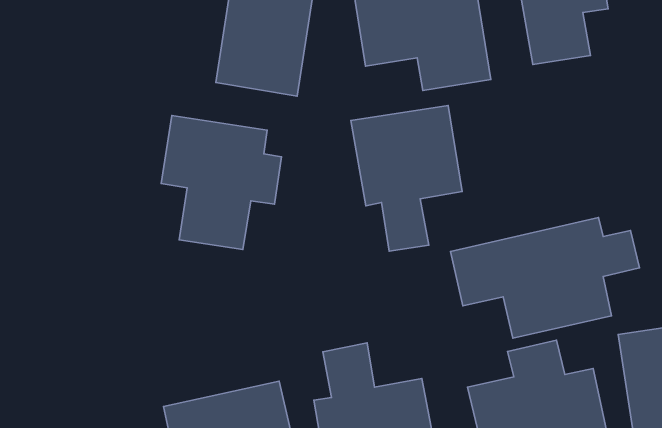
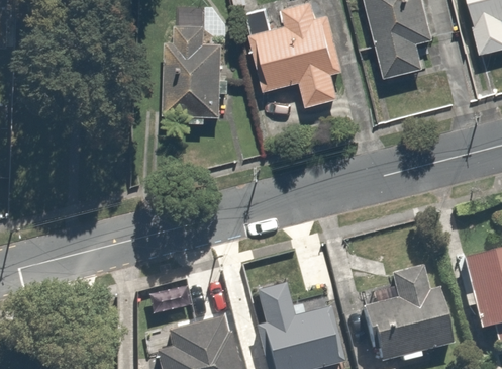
building: [351,105,462,251] -> none
building: [161,115,281,250] -> none
building: [450,218,640,338] -> none

